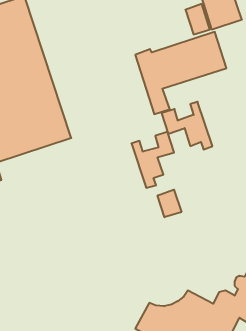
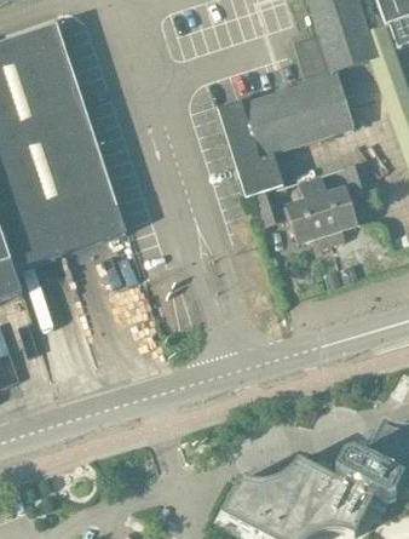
building: [131,132,174,188] -> [311,161,374,243]
building: [158,190,181,217] -> none

